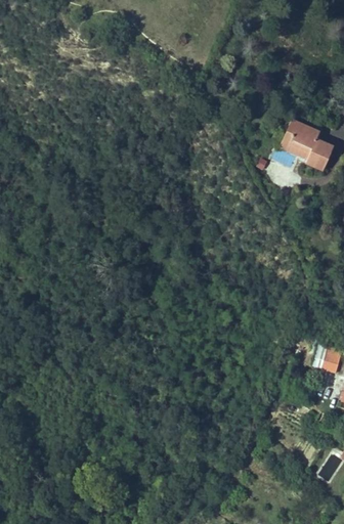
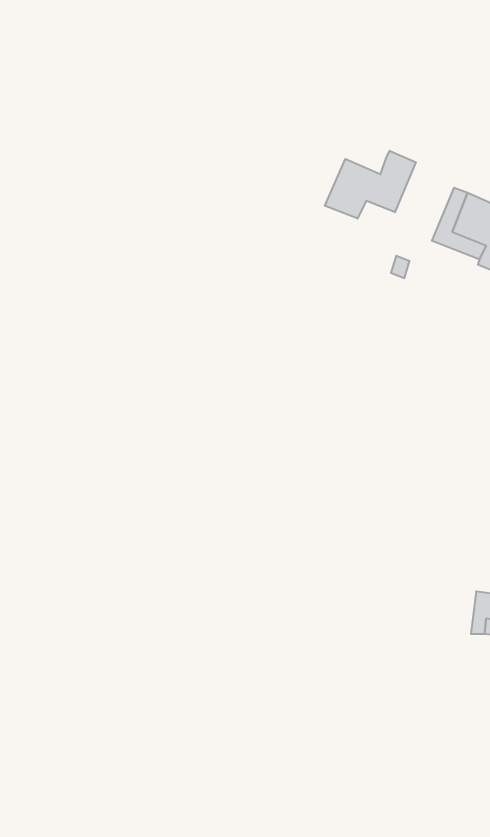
building: none -> [325,151,416,219]

